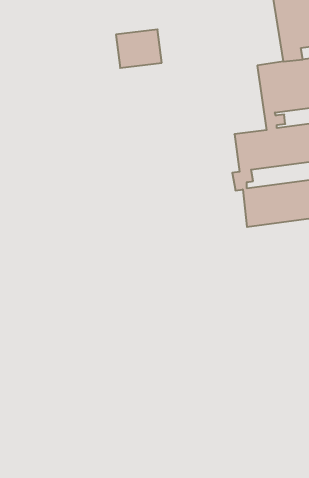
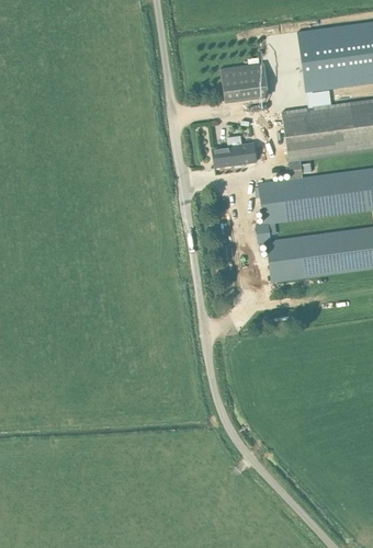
building: [116,29,162,68] -> [221,62,269,103]
building: none -> [212,136,256,167]

